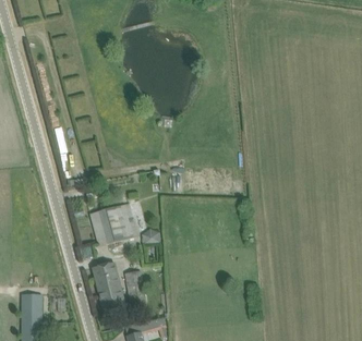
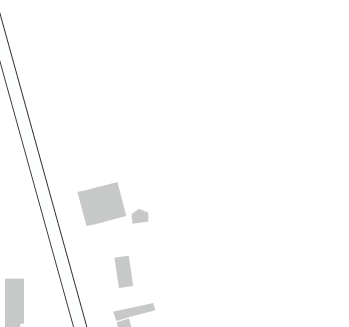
building: [93,261,124,308] -> none

